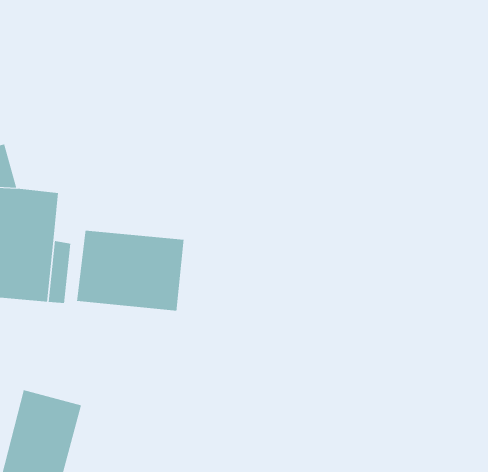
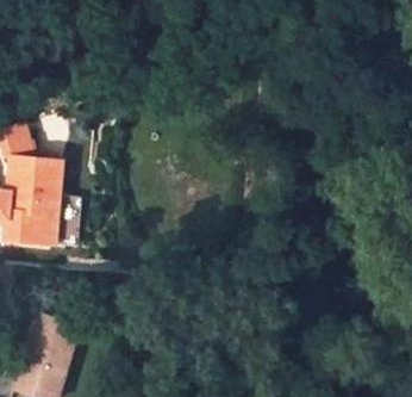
building: [76,230,184,312] -> none

